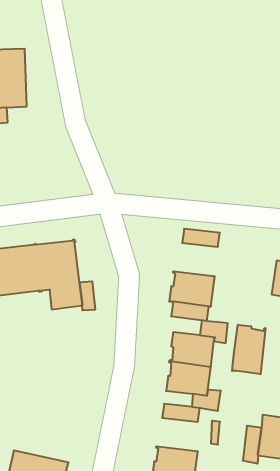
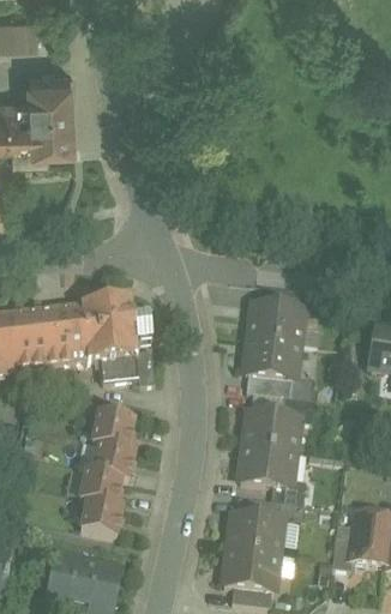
building: none -> [248,303,302,345]
building: [232,325,265,374] -> none
building: none -> [79,415,134,540]
building: none -> [228,514,282,556]

